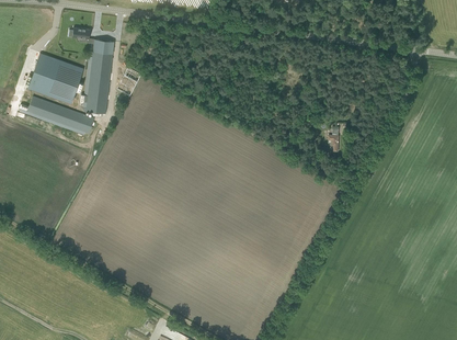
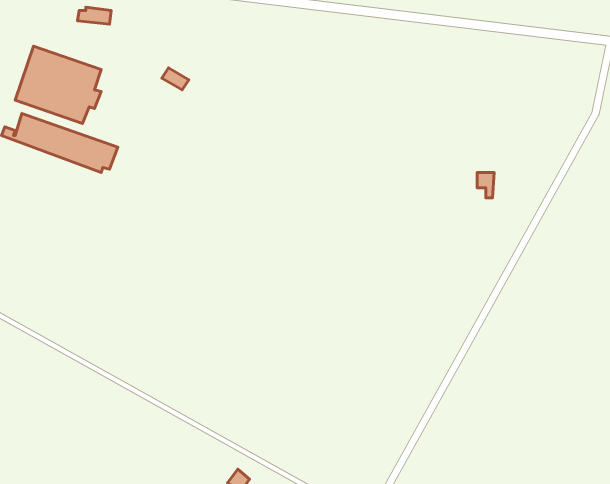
building: [80,38,114,116] -> none

